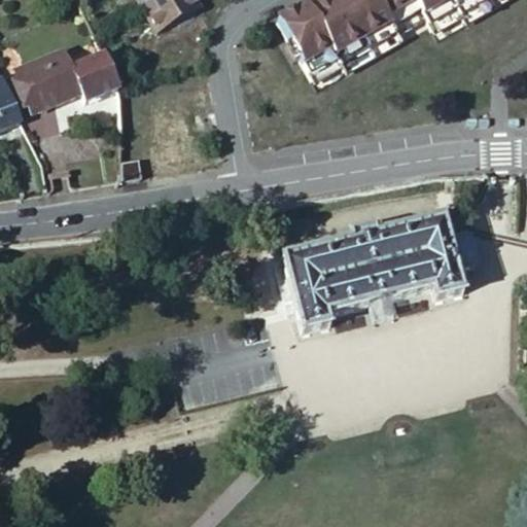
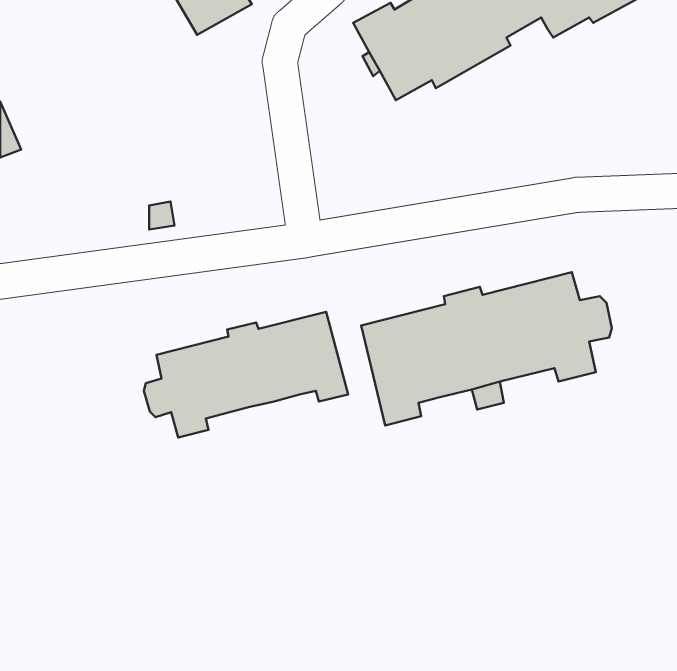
building: [21,47,117,108] -> none
building: none -> [144,312,348,437]

